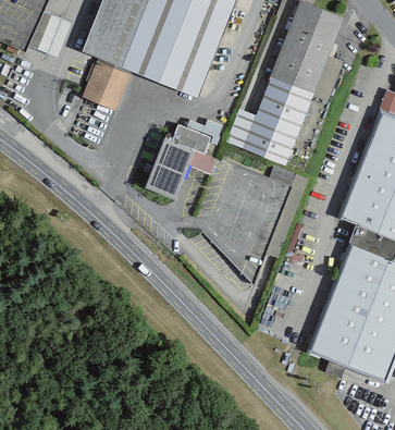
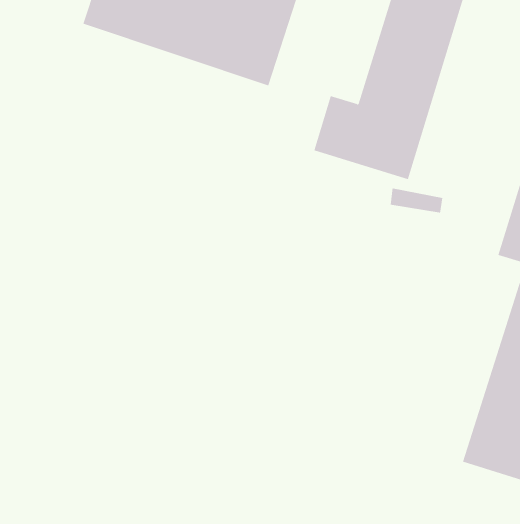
building: [82,61,127,109] -> none
building: [146,124,218,198] -> none

